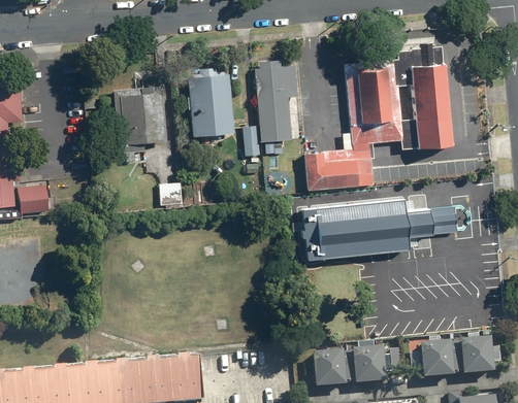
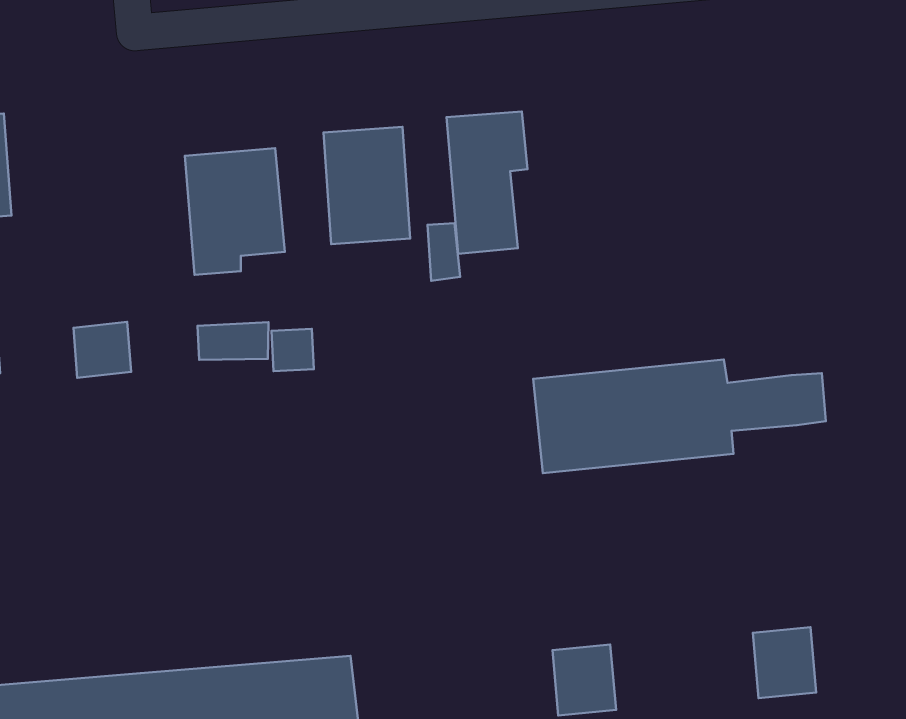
building: [303,45,451,190] -> none
building: none -> [198,322,268,360]
building: [19,182,50,212] -> [73,322,131,378]
building: [459,338,493,376] -> none
building: [351,347,385,385] -> none

